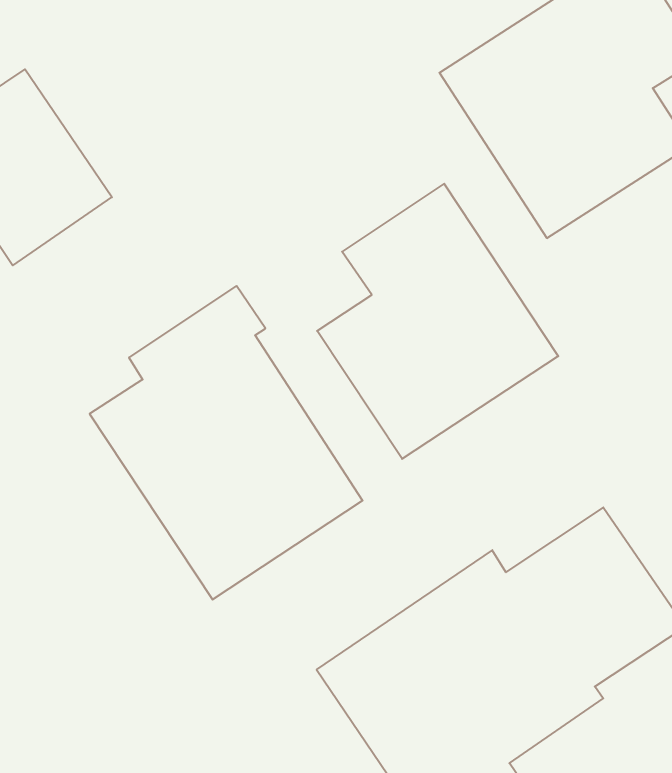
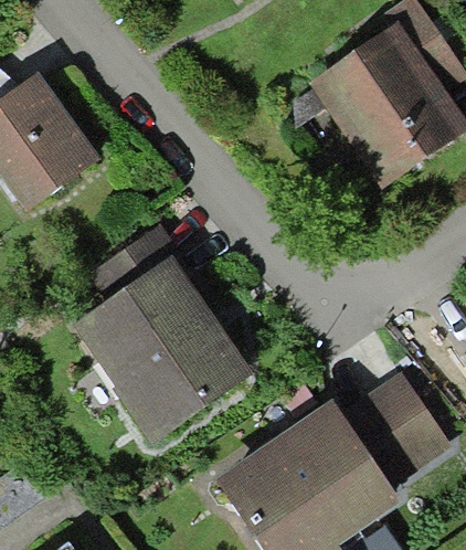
building: [317,184,558,459] -> none

